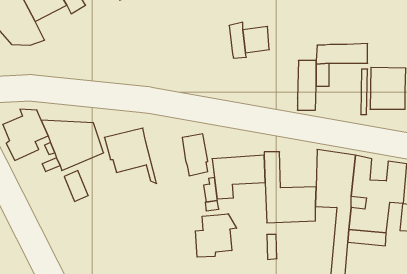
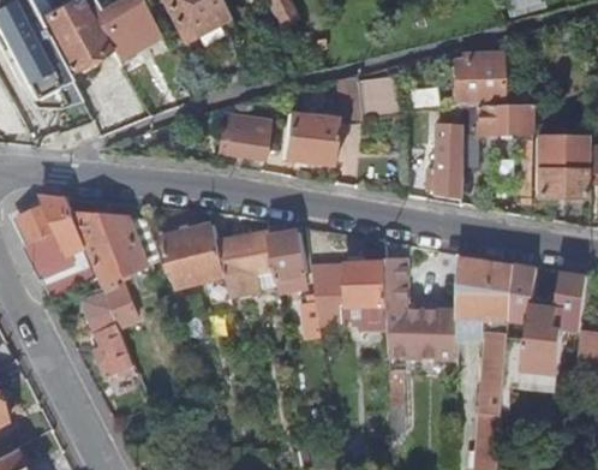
building: none -> [453,53,502,107]
building: none -> [280,114,335,165]
building: none -> [217,117,268,159]
building: none -> [219,231,275,298]
building: none -> [86,291,136,377]
building: [195,214,237,257] -> none

